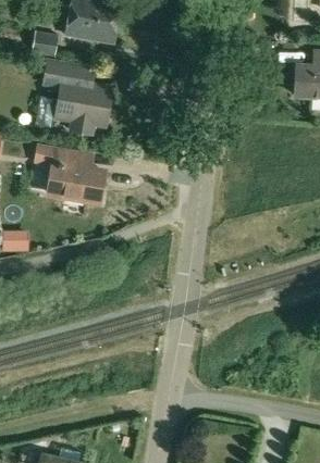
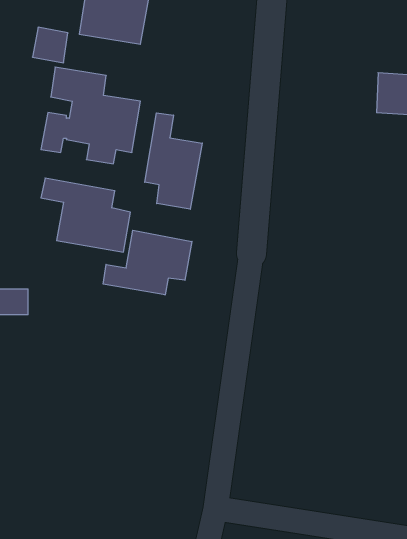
building: none -> [145,113,202,209]
building: none -> [103,230,192,295]

